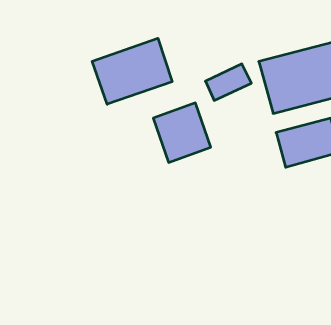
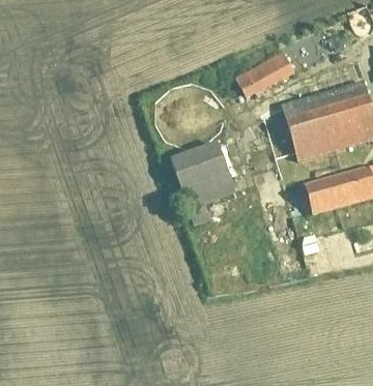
building: [92,38,172,104] -> none
building: [205,64,251,100] -> [236,58,286,97]

